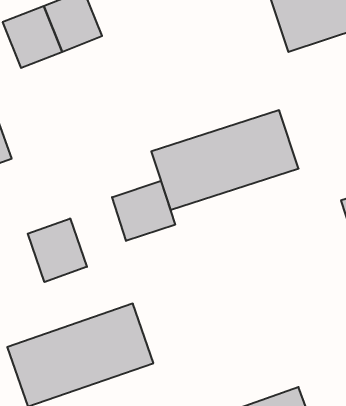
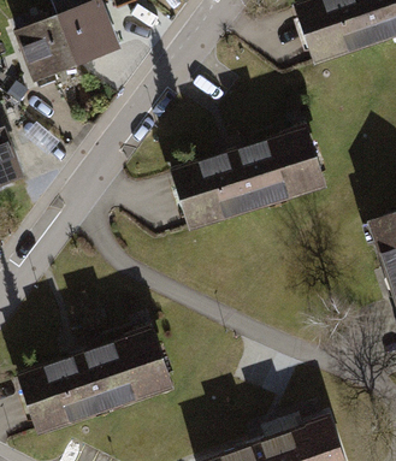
building: [112,181,175,241] -> none
building: [28,218,87,282] -> none

